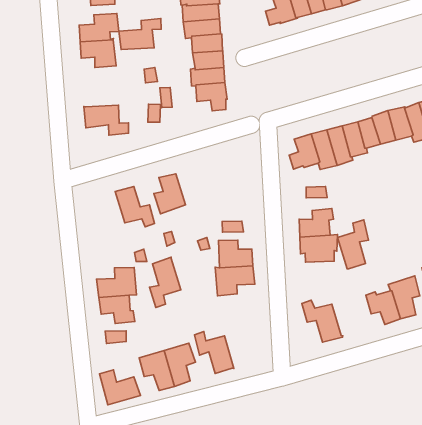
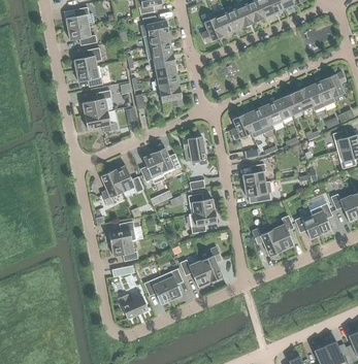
building: [119,19,161,50] -> [82,90,110,114]
building: none -> [182,135,206,164]
building: none -> [153,146,180,173]
building: [337,220,369,269] -> [271,214,293,250]
building: [150,257,181,308] -> [100,169,122,205]
building: none -> [200,246,222,282]

